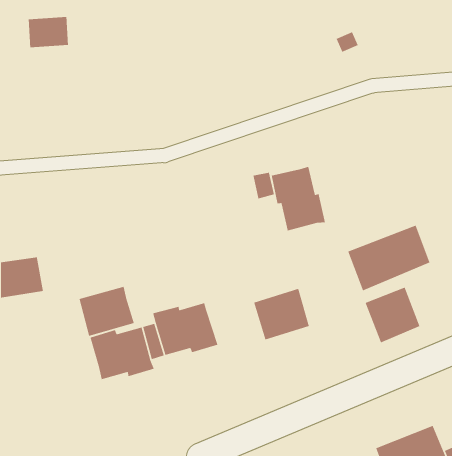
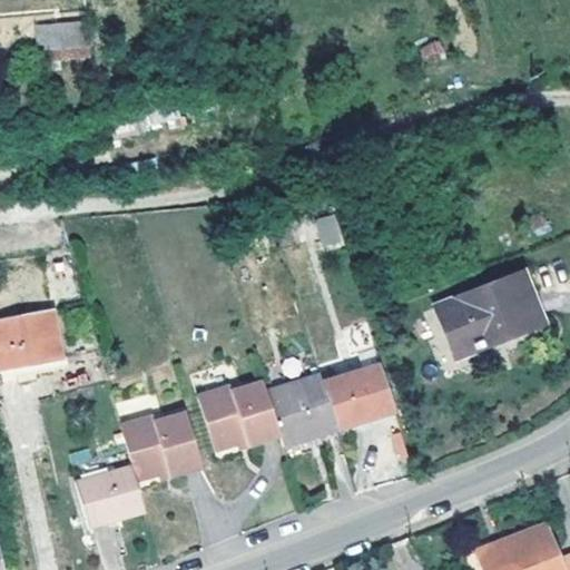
building: [271,166,326,231] -> none
building: [79,286,135,337] -> [72,460,142,523]
building: [364,286,421,343] -> none
building: none -> [264,371,336,443]

